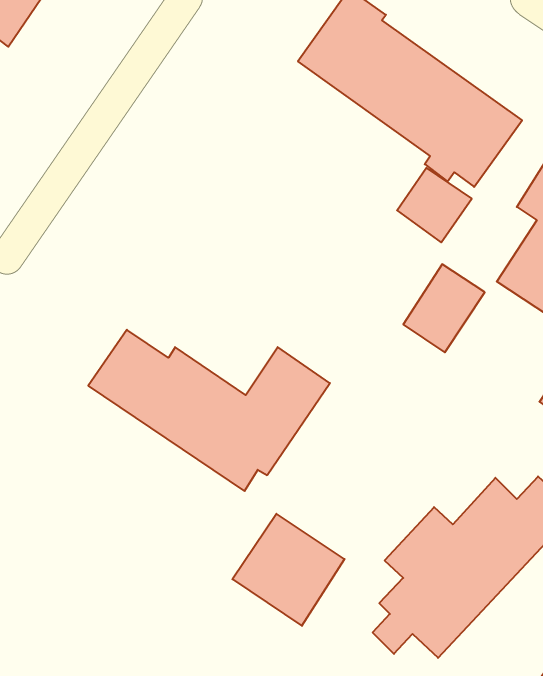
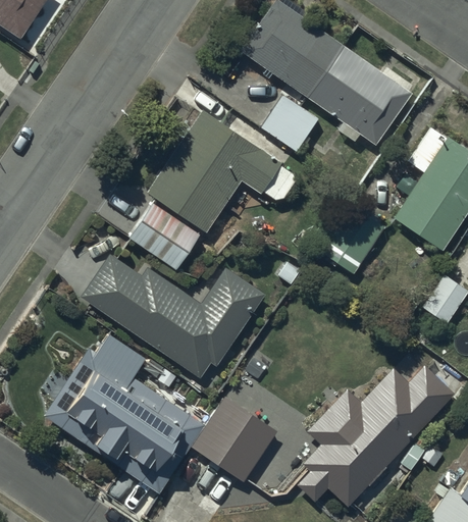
building: none -> [128,111,295,269]
building: [397,168,472,242] -> [262,95,319,152]
building: none -> [44,348,204,490]

